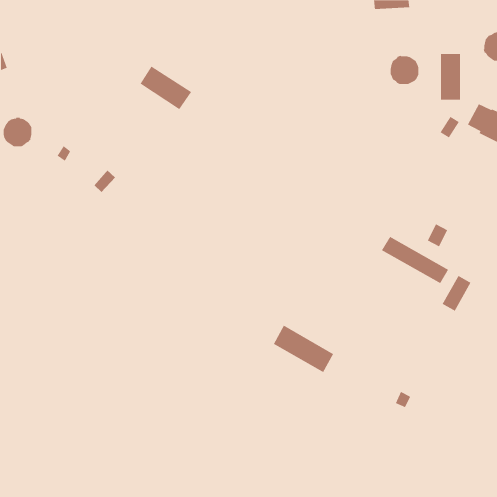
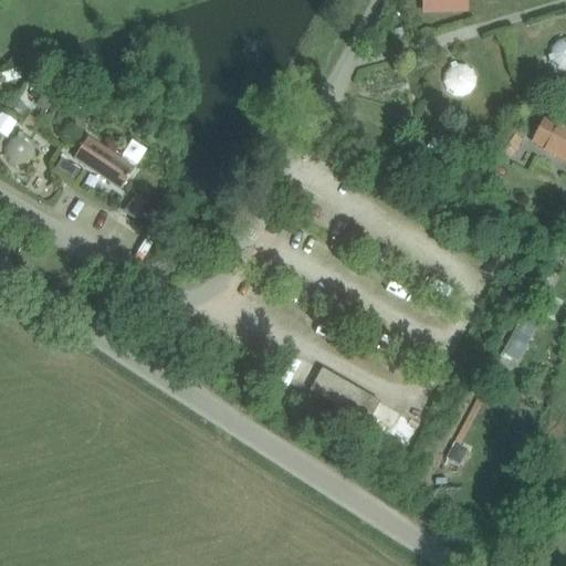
building: [440,53,461,101] -> none
building: [140,65,192,110] -> [76,138,136,189]
building: [381,236,449,284] -> none

